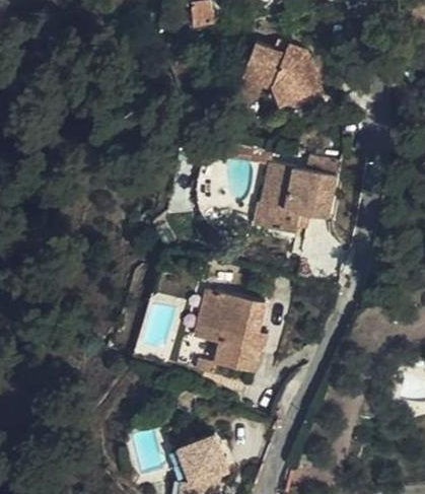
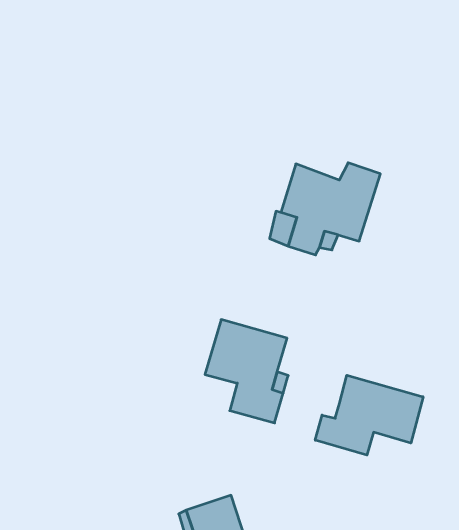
building: [244,47,317,110] -> none
building: none -> [315,375,423,455]

